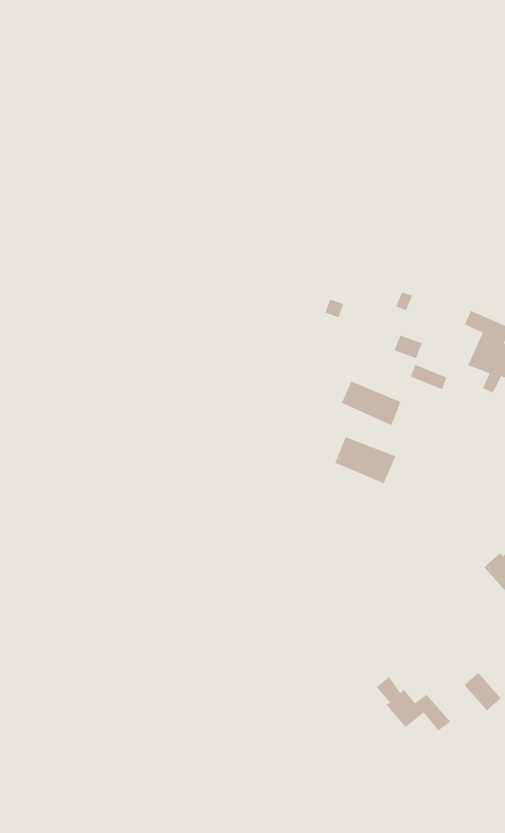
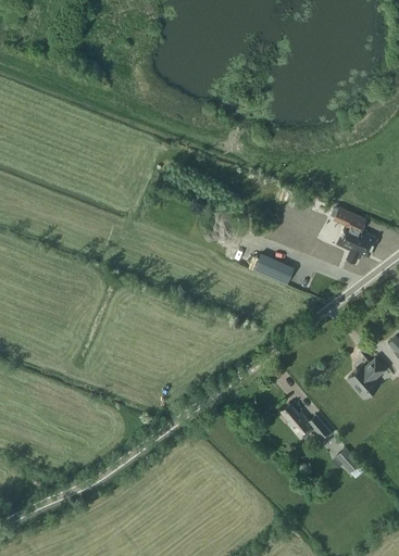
building: [334,436,397,484] -> none
building: [376,676,451,732] -> [282,403,332,440]

